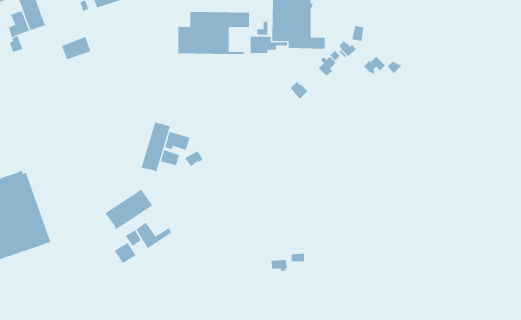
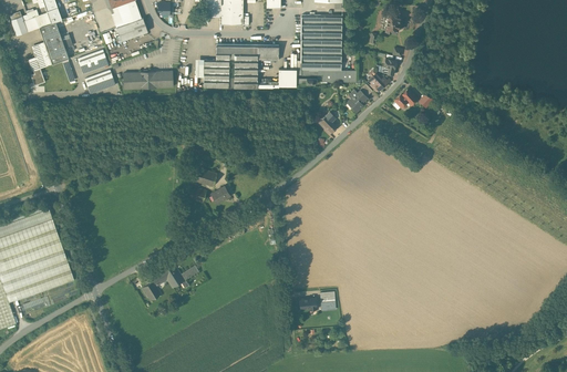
building: none -> [78,50,109,74]
building: none -> [123,72,173,89]
building: [141,122,171,173] -> none
building: [104,189,153,230] -> none

